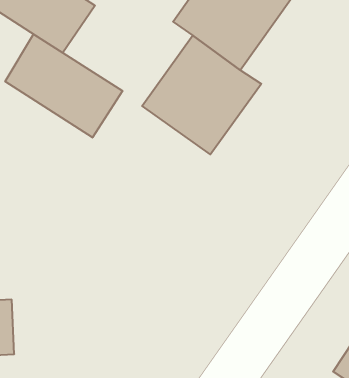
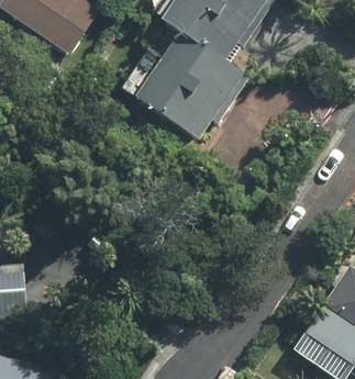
building: [5,34,122,138] -> none

